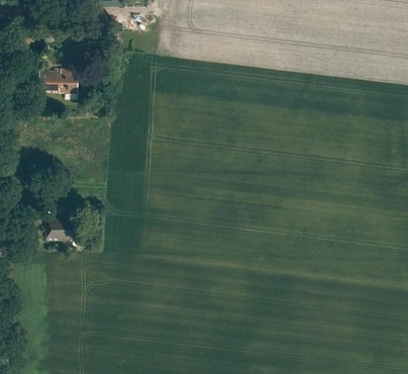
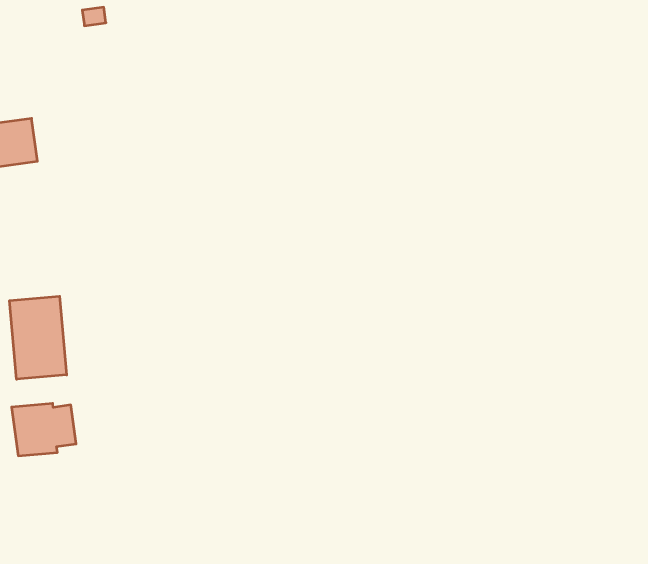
building: none -> [10,296,67,379]

